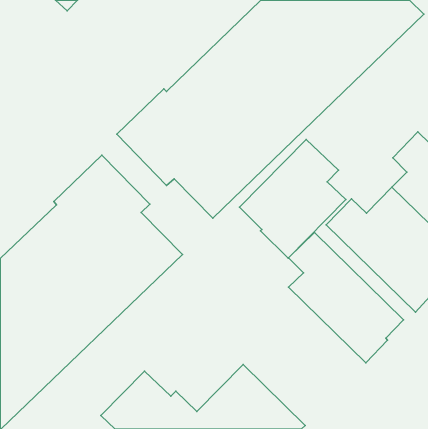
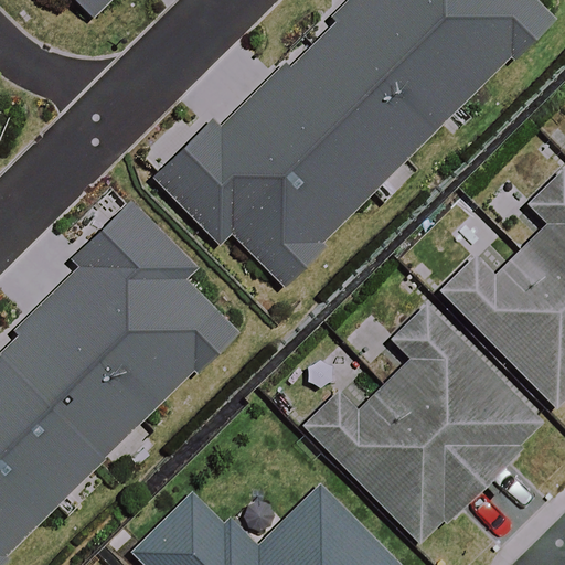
building: [240,140,346,258] -> none
building: none -> [295,377,482,542]

